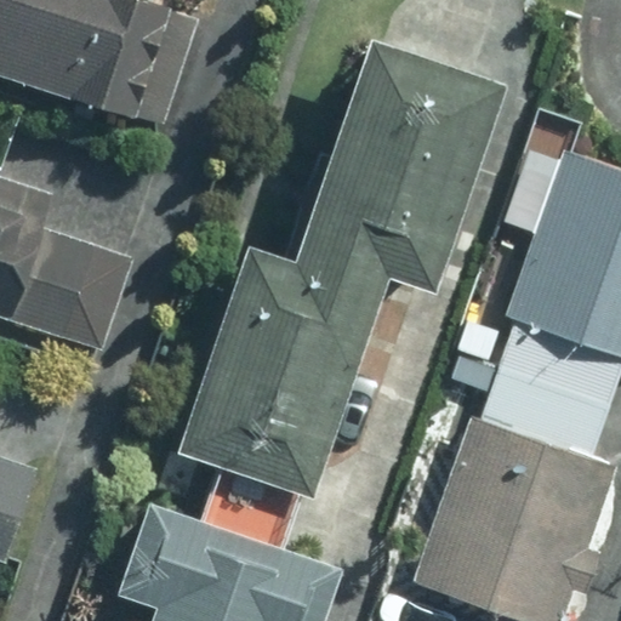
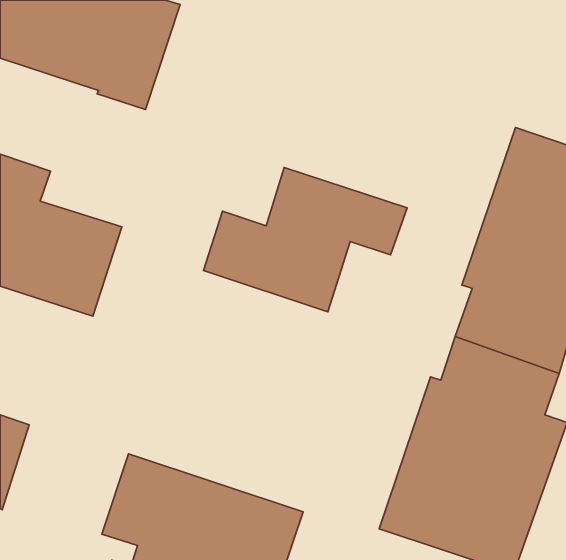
building: [314,36,500,238] -> none
building: [178,306,361,496] -> none

